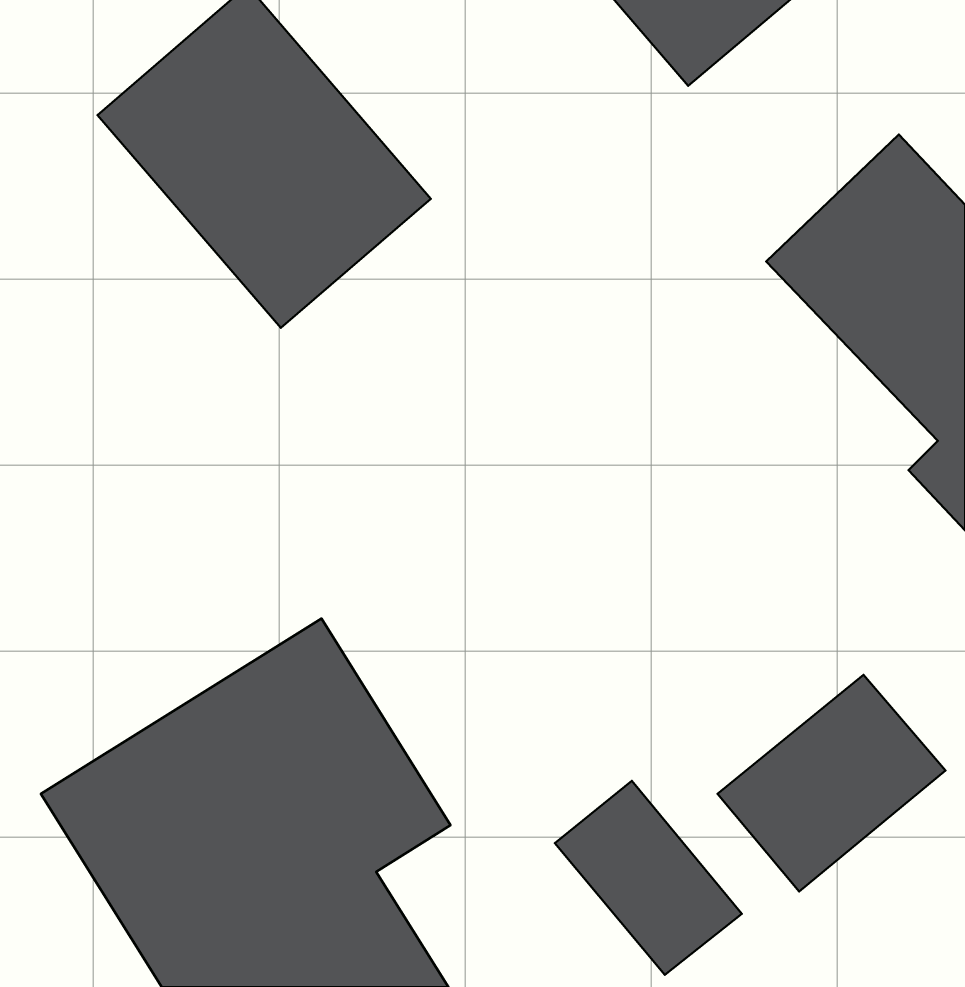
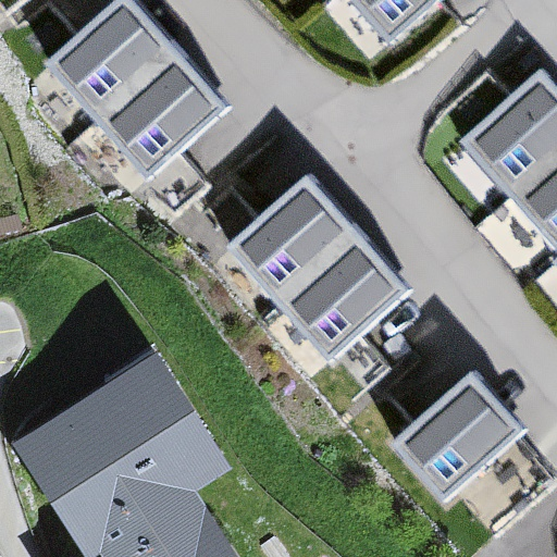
building: none -> [232,172,416,362]
building: [555,781,742,975] -> none

